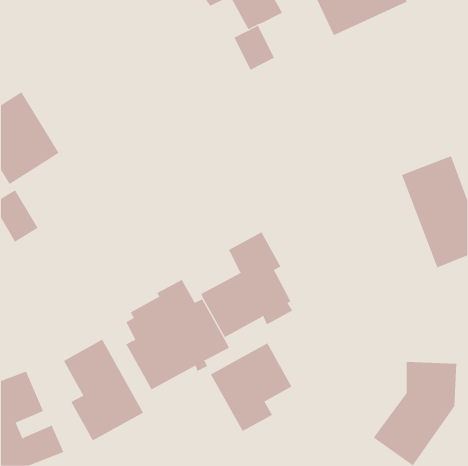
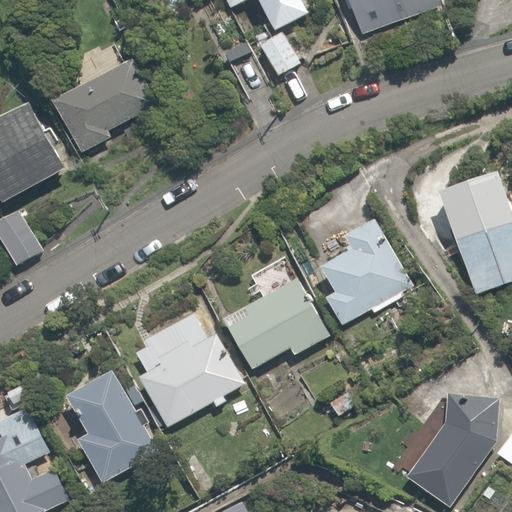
building: none -> [52,61,154,152]
building: none -> [321,217,405,322]
building: [210,342,292,432] -> none

